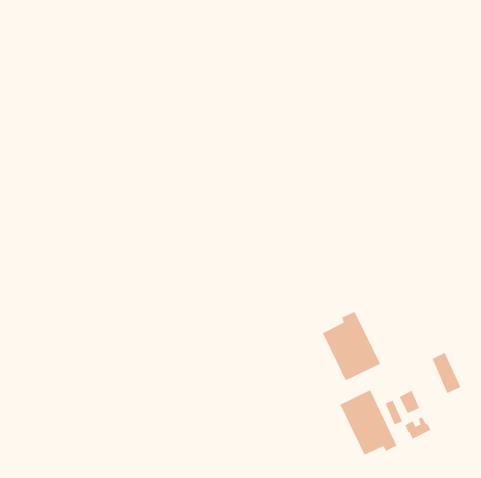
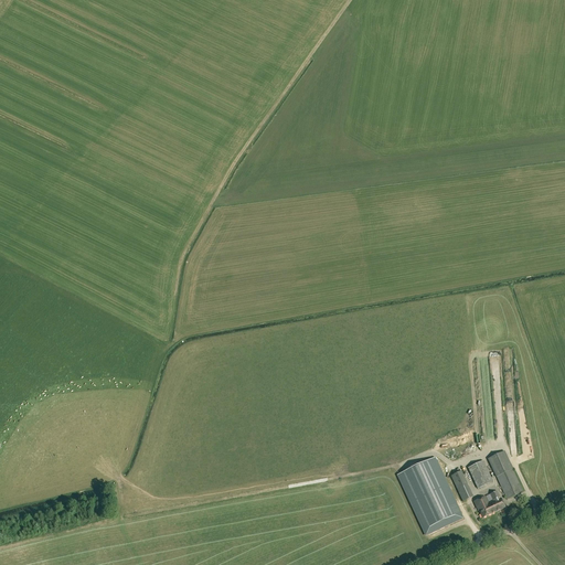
building: [322,311,381,381] -> none
building: [432,352,461,394] -> [488,447,522,495]

